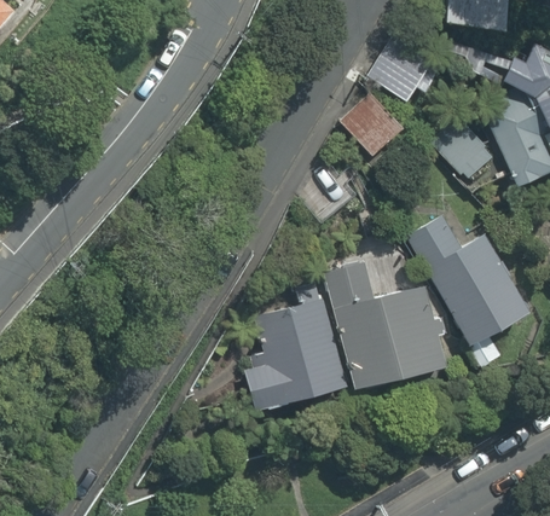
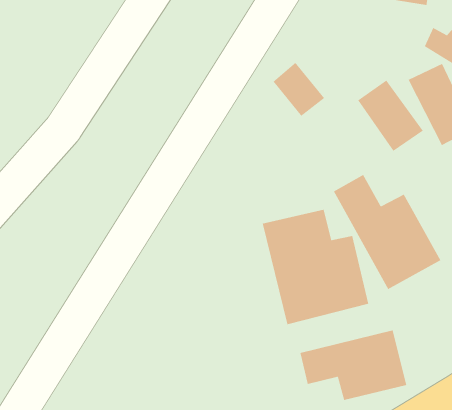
building: [367,39,439,99] -> none
building: [241,292,346,411] -> none
building: none -> [300,329,407,401]

